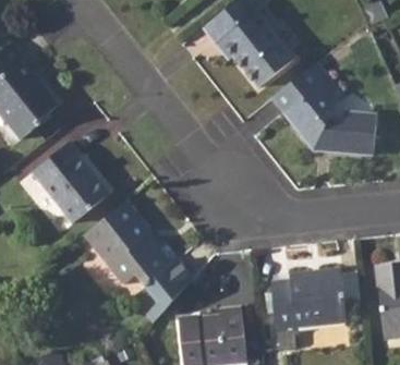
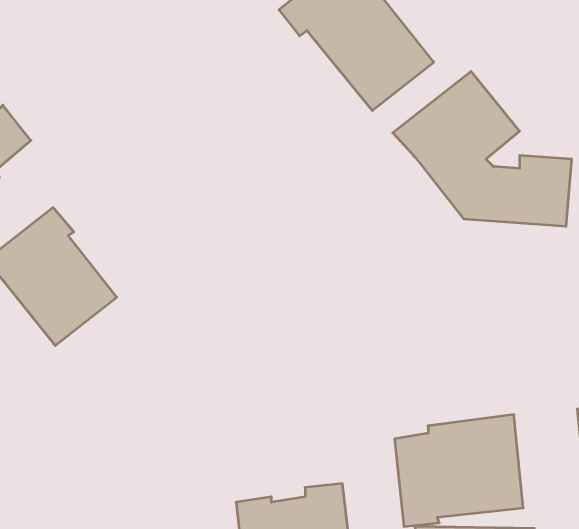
building: [83,202,192,325] -> none

